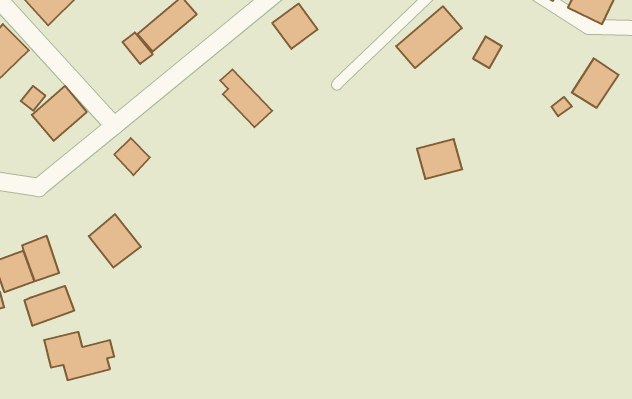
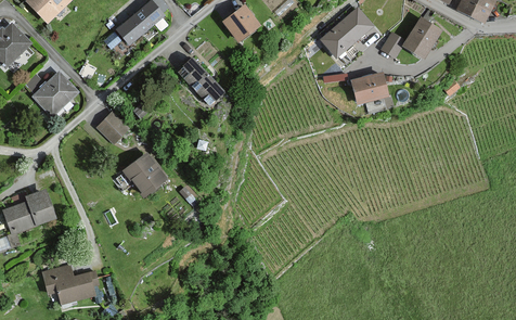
building: [572,58,619,108] -> [404,17,441,56]
building: [417,139,462,179] -> [351,72,387,103]
building: [89,214,141,268] -> [125,153,166,195]
building: [25,286,74,326] -> none

